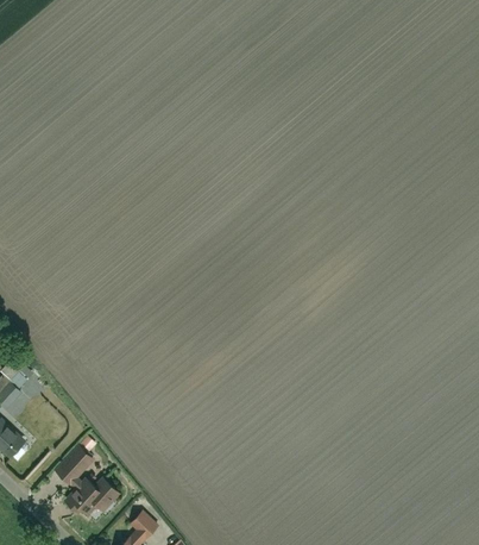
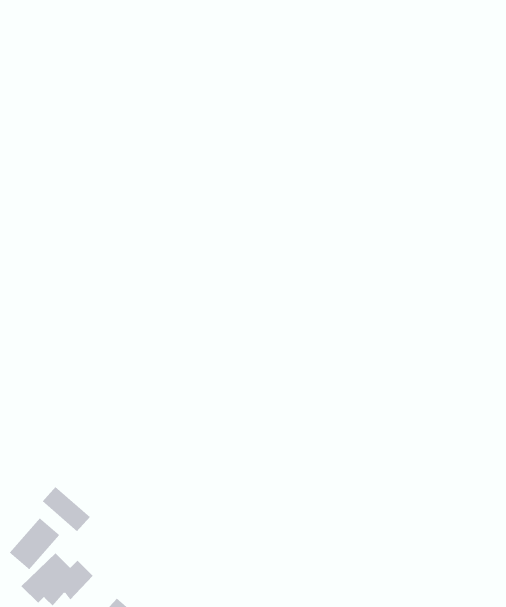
building: none -> [42,486,91,532]

